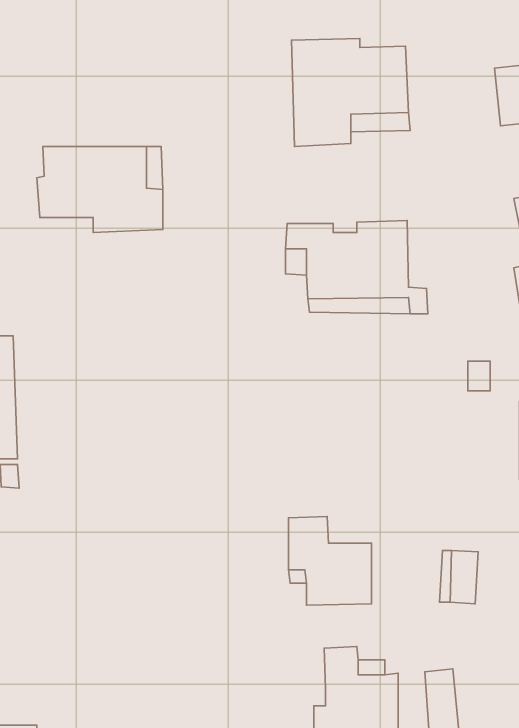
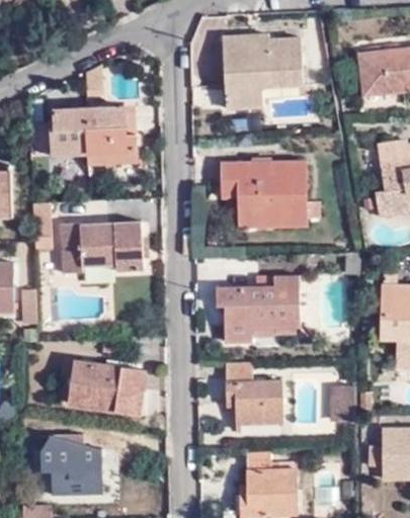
building: none -> [55,225,140,278]
building: none -> [214,275,299,343]
building: none -> [70,359,145,413]
building: none -> [38,434,103,496]

